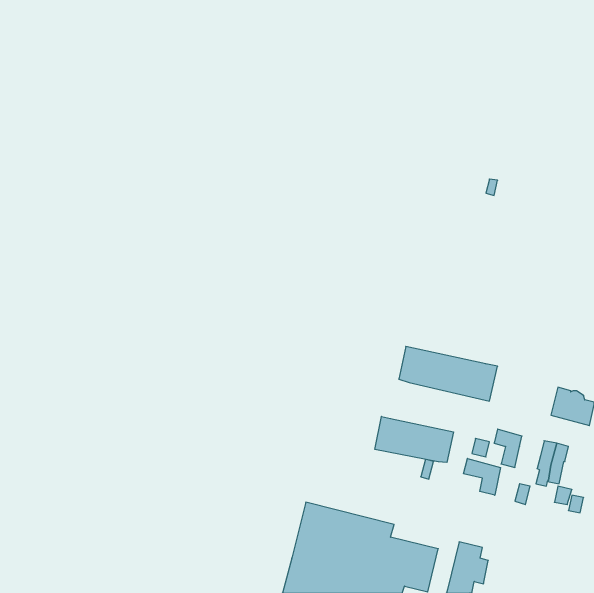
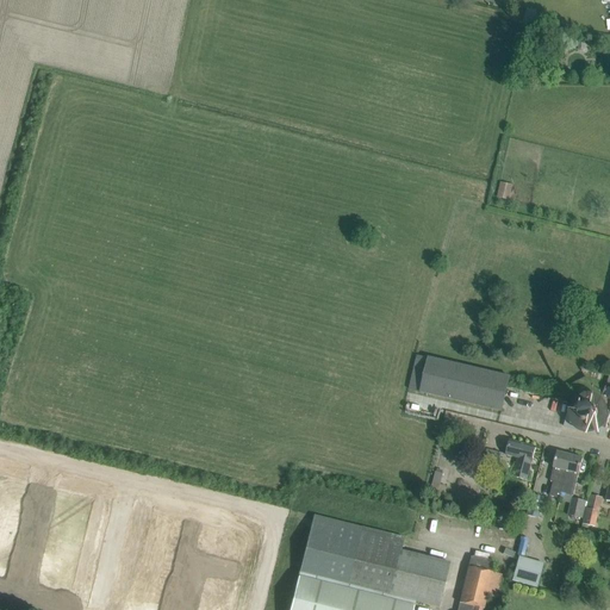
building: [375,416,453,462] -> none
building: [464,458,501,495] -> none
building: none -> [513,558,546,587]

